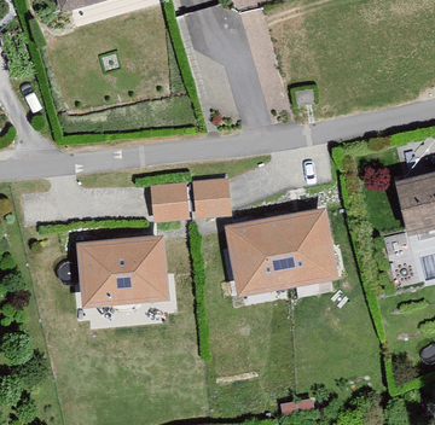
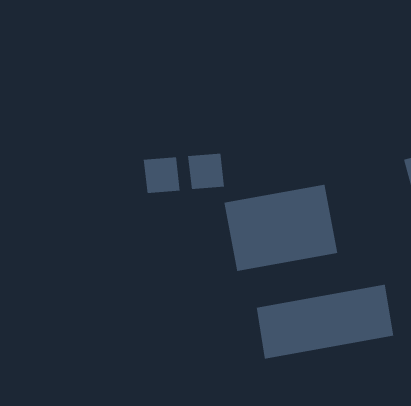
building: [81,238,164,299] -> none
building: none -> [256,284,394,359]

